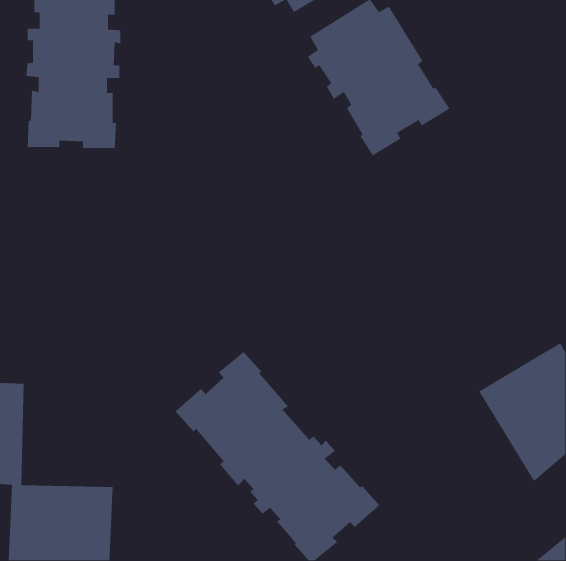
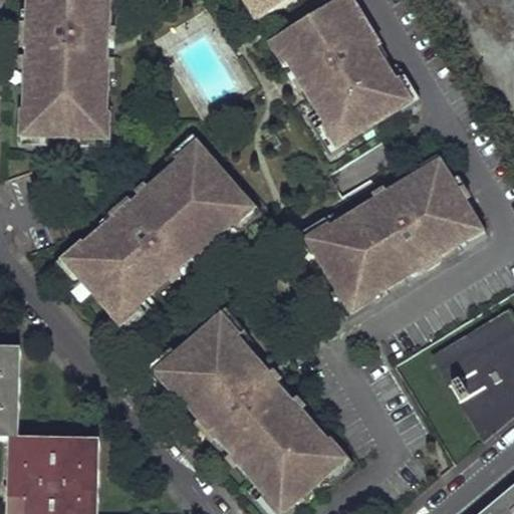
building: none -> [69,145,250,316]
building: none -> [308,165,478,308]

